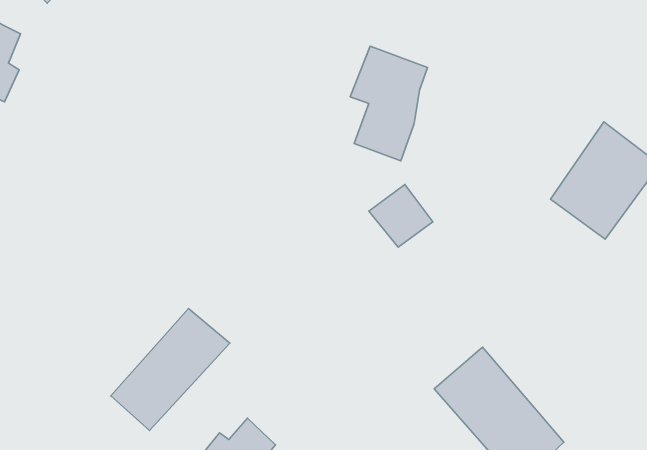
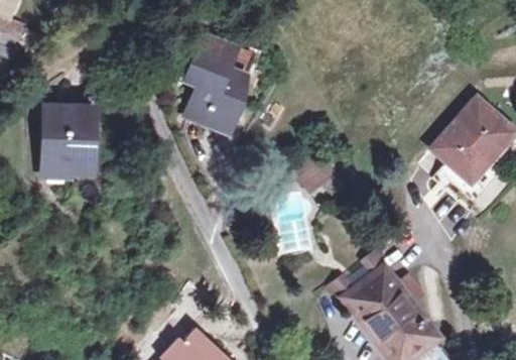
building: [350,46,428,161] -> [192,41,251,128]
building: none -> [49,114,92,175]
building: [111,309,230,430] -> none

